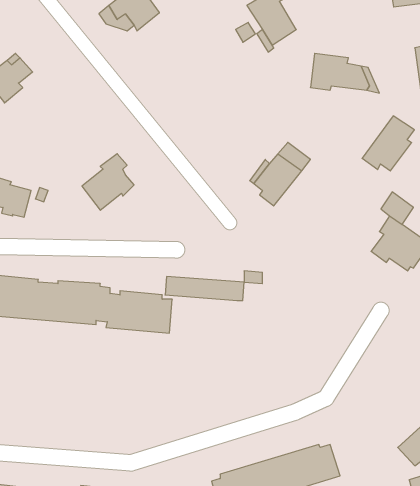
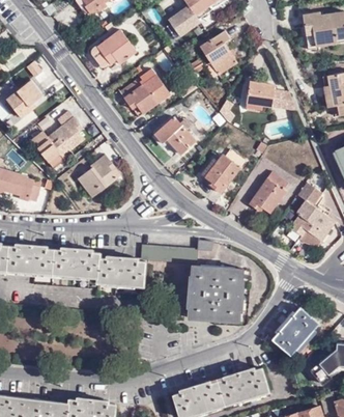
building: none -> [120,71,169,116]
building: none -> [32,111,85,168]
building: none -> [154,116,196,155]
building: [362,116,414,171] -> [249,172,287,213]
building: none -> [189,266,242,322]
building: none -> [273,307,318,355]

